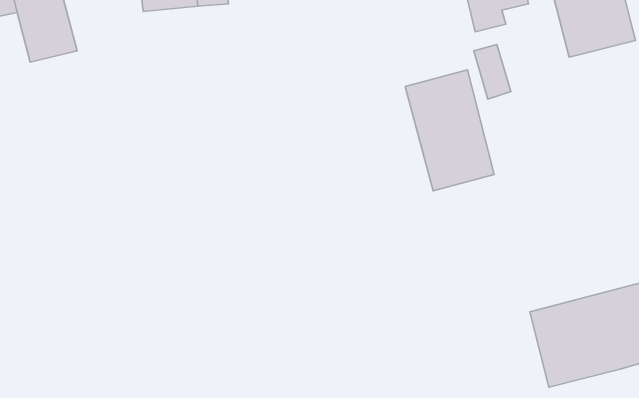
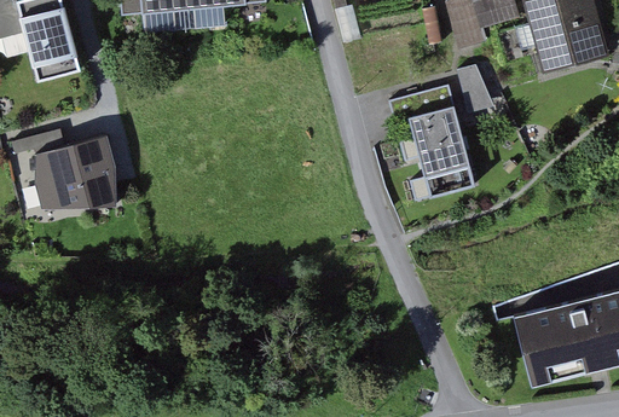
building: none -> [33,132,115,205]

